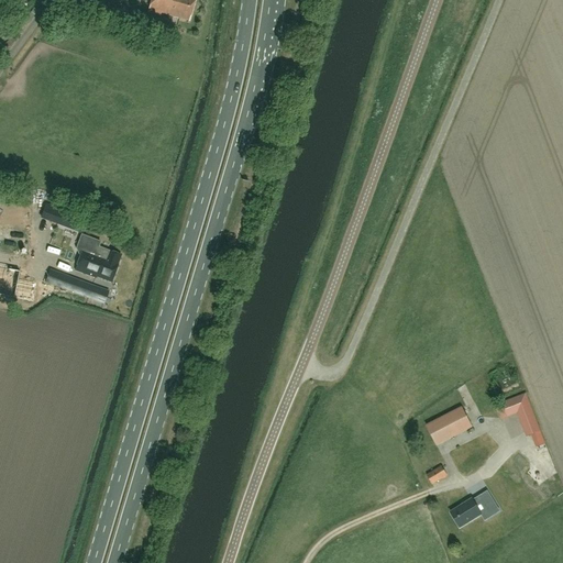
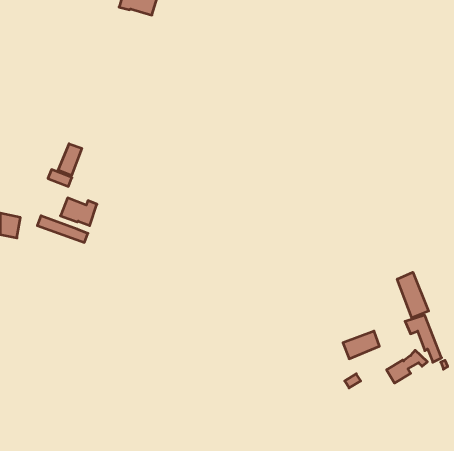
building: none -> [58,144,82,175]
building: none -> [397,272,429,318]
building: [451,484,501,525] -> [387,350,427,383]

